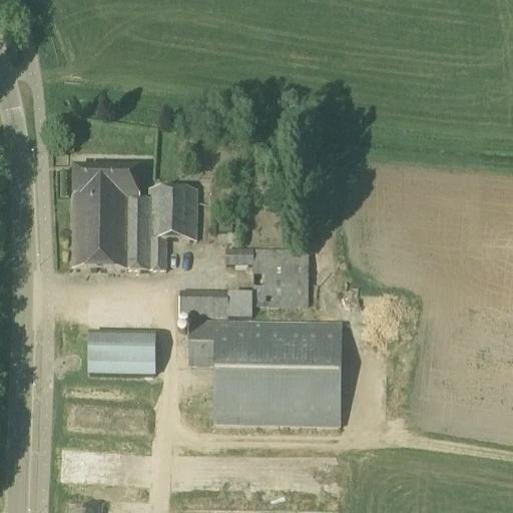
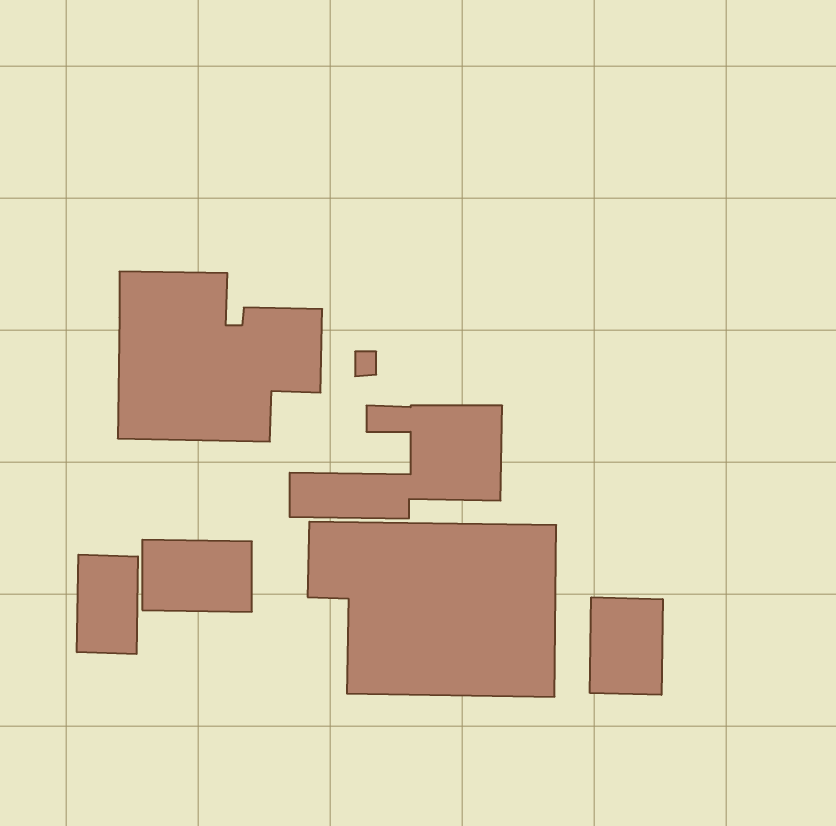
building: none -> [77,555,138,654]
building: none -> [590,597,663,695]

